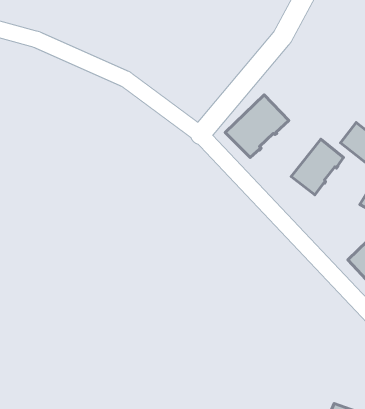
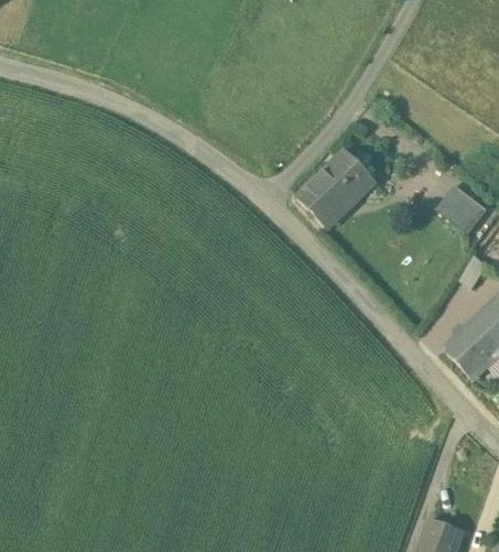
building: [291,139,343,195] -> none

